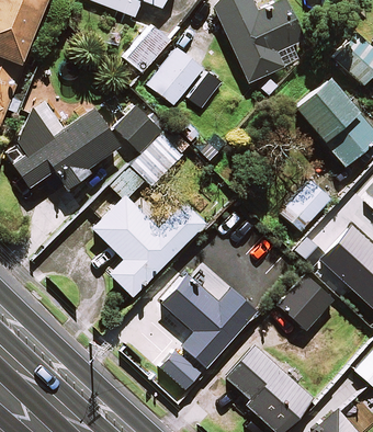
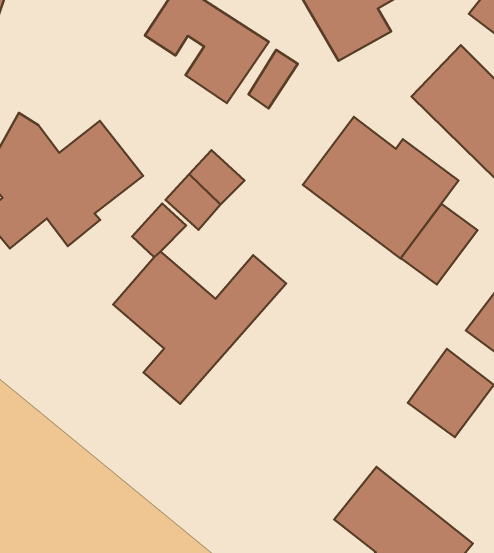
building: [116,105,160,150] -> none
building: none -> [303,117,459,258]
building: [161,272,256,388] -> none

